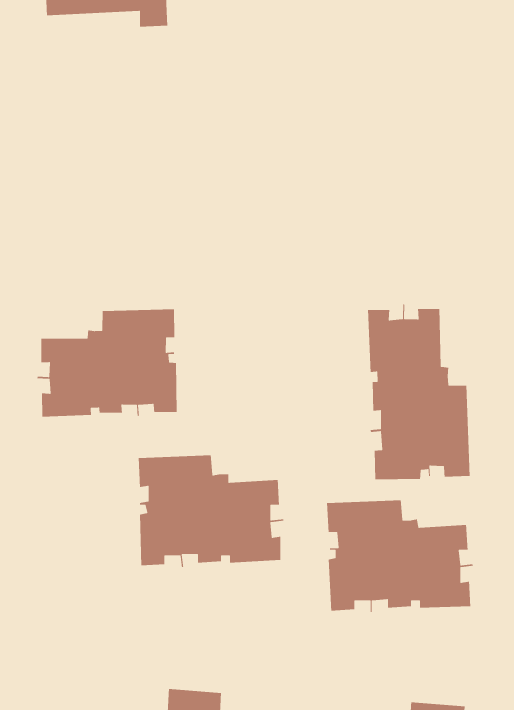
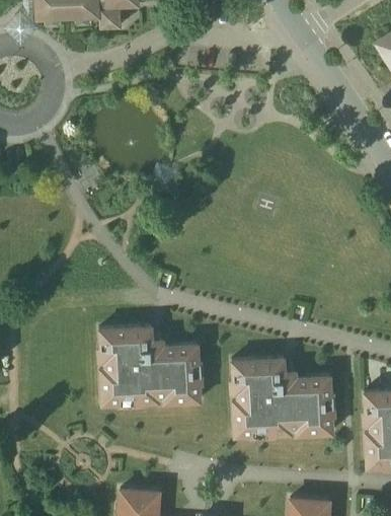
building: [367,303,471,480] -> none
building: [36,309,177,417] -> none

